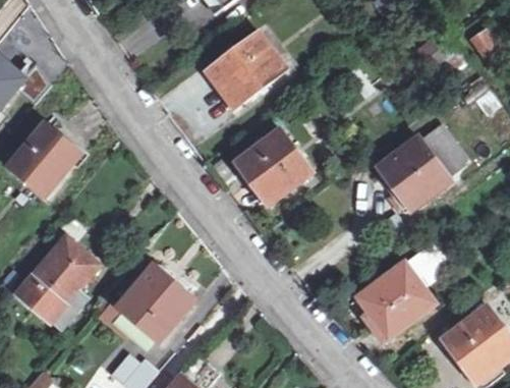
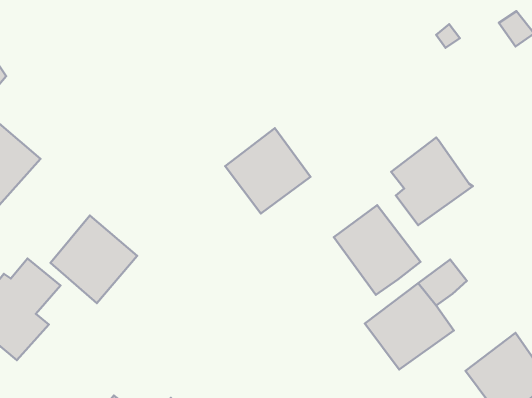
building: [208,31,286,106] -> none
building: [420,124,468,177] -> none
building: none -> [334,205,421,295]
building: [117,262,191,337] -> [51,216,137,303]

